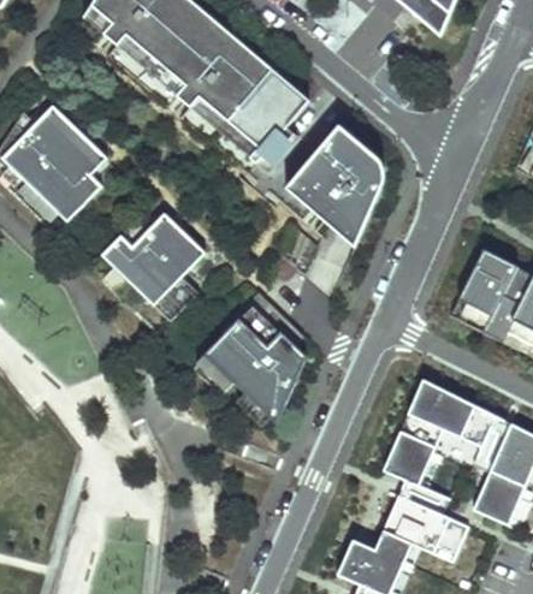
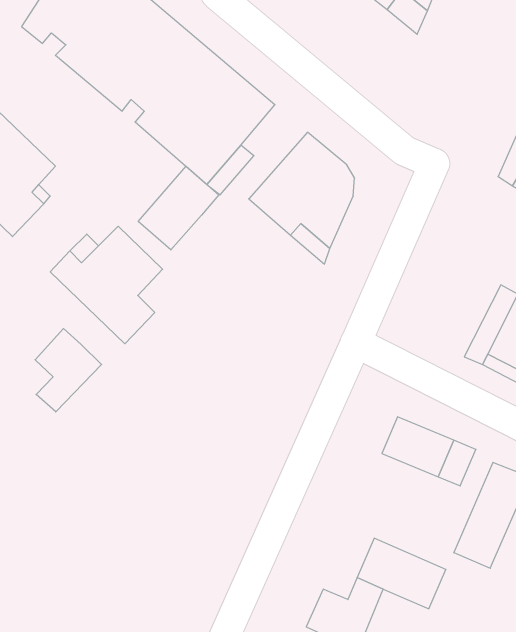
building: none -> [138,166,219,250]
building: [450,246,517,331] -> none
building: [205,302,307,422] -> none
building: none -> [35,329,102,412]
building: [385,433,436,486] -> none

